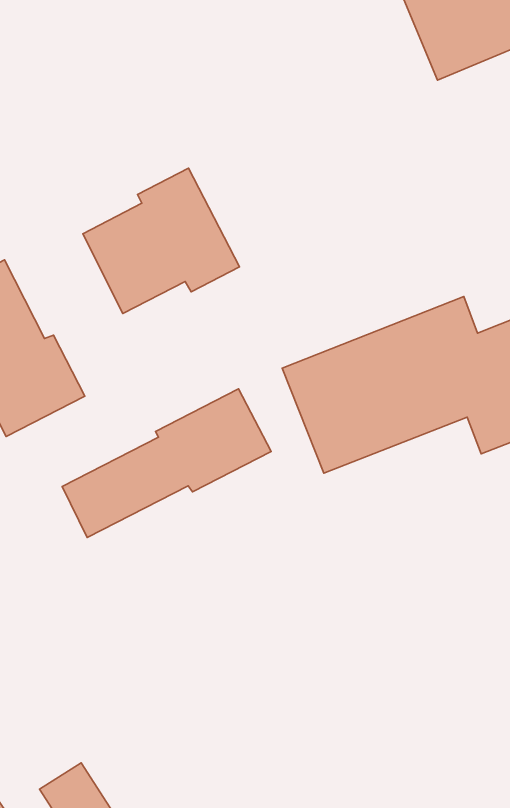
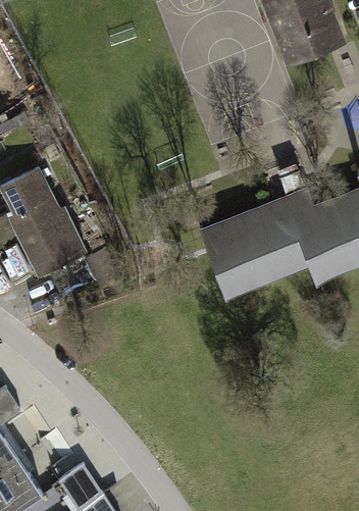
building: [83,168,239,314] -> none
building: [62,389,271,538] -> none

